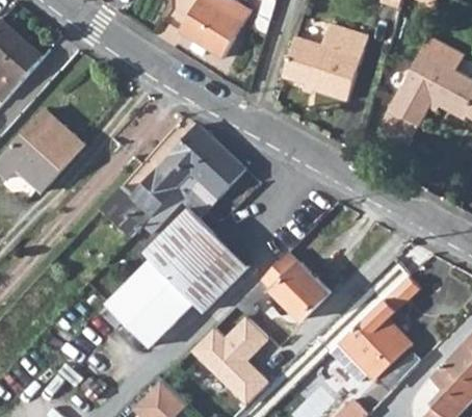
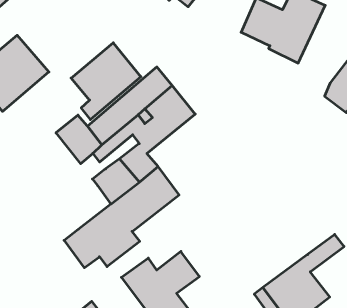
building: none -> [71,43,141,120]
building: [261,251,329,319] -> none
building: [105,257,167,319] -> none

